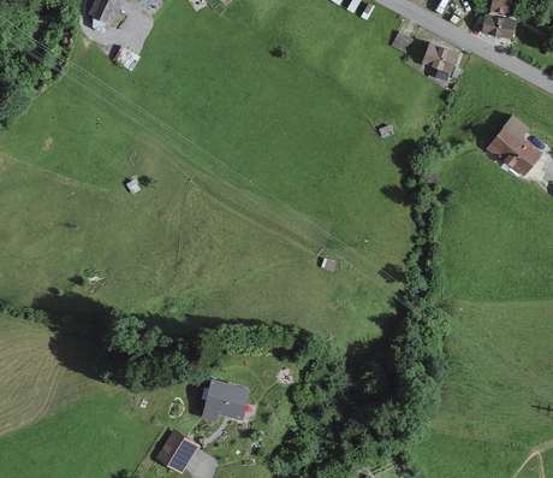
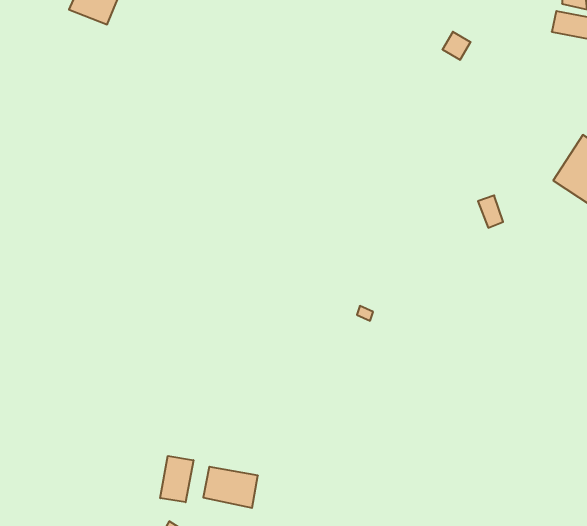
building: [421,41,458,72] -> none
building: none -> [160,456,193,502]

